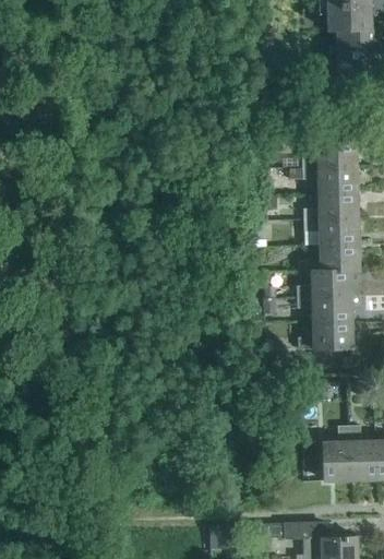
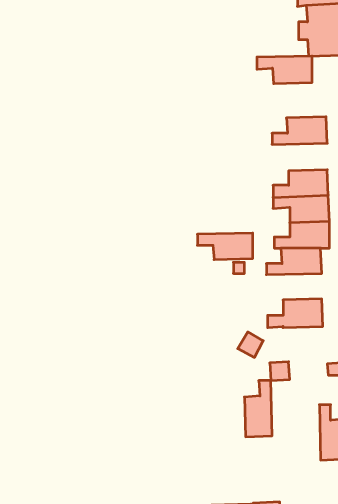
building: [303,167,358,194] -> [257,56,312,84]
building: [298,296,352,322] -> [197,233,253,260]
building: [324,426,351,481] -> [244,381,272,437]

